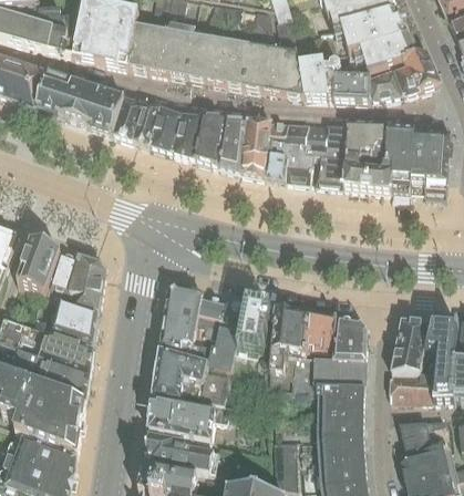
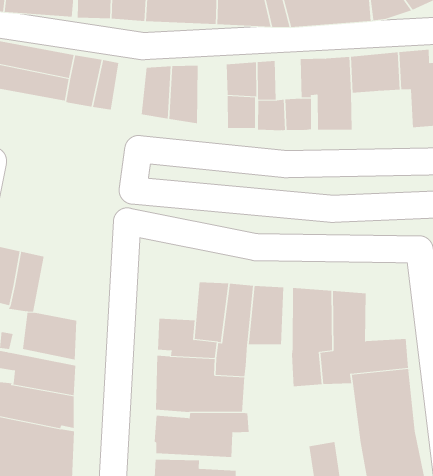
building: [148,106,181,151] -> none
building: [217,116,246,170] -> none
building: [283,121,307,154] -> none
building: [342,155,393,189] -> none
building: [64,256,105,311] -> none
building: [165,286,202,323] -> none
building: [331,319,367,360] -> none

